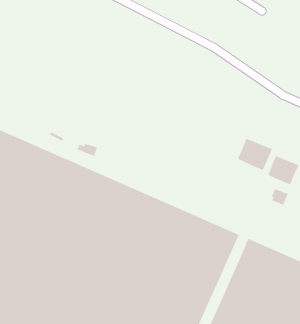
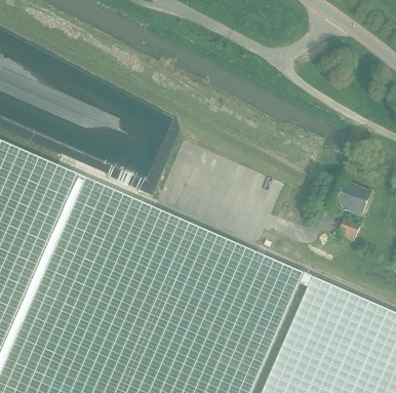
building: [237,138,273,171] -> none

